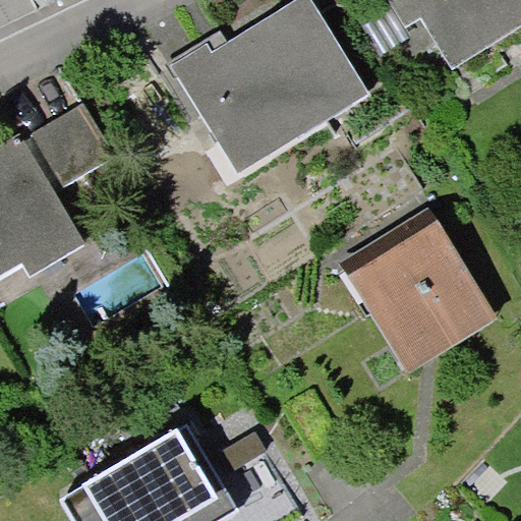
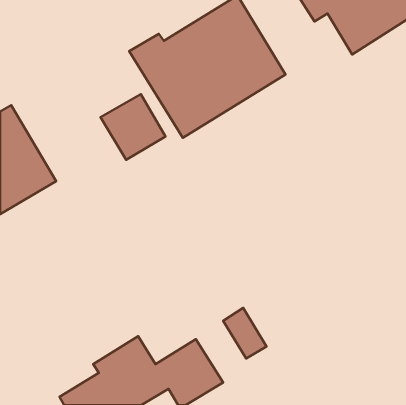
building: [32,103,114,186] -> [101,94,166,160]
building: [336,214,493,370] -> none

